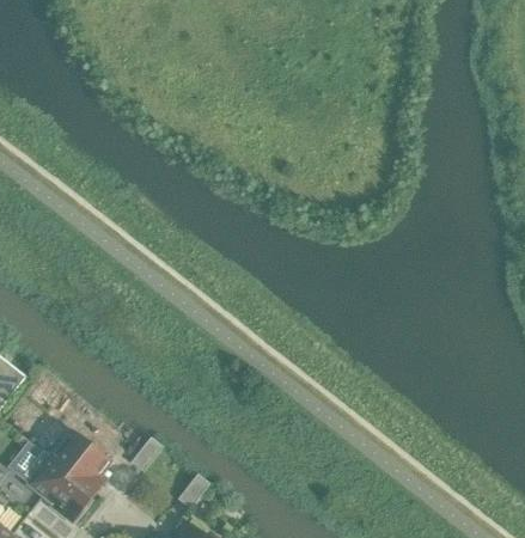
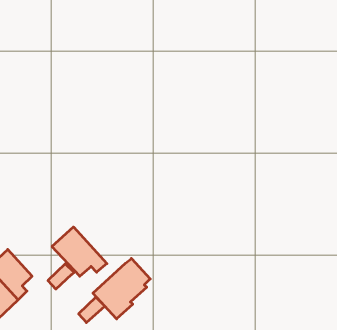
building: none -> [52,227,107,276]
building: none -> [93,258,150,319]

